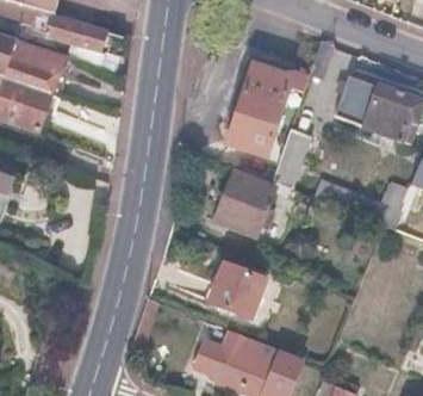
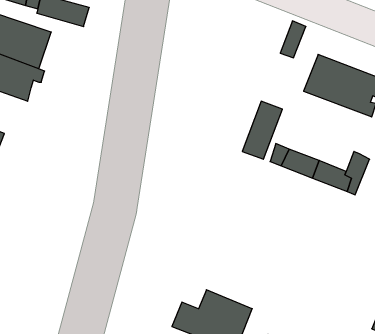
building: [228,66,293,155] -> none
building: [216,173,275,236] -> none
building: [212,265,267,318] -> none

